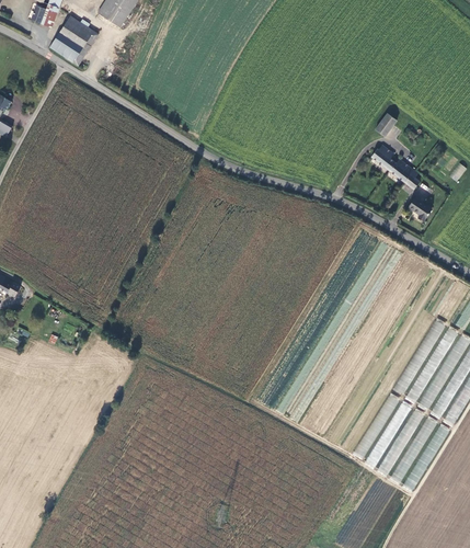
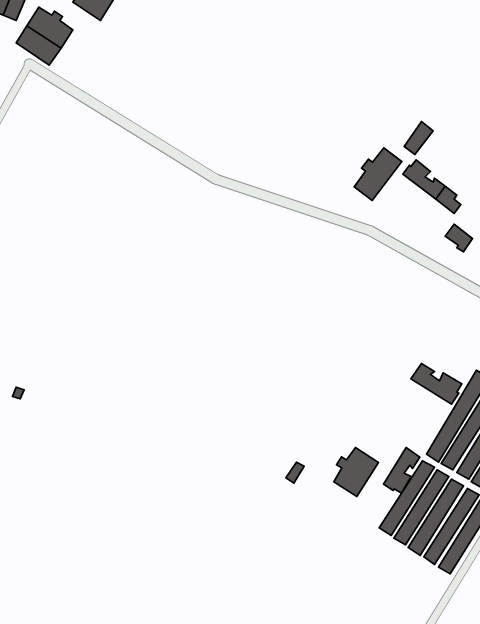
building: none -> [354,148,402,201]
building: none -> [411,363,462,404]
building: none -> [334,448,379,497]
building: none -> [383,448,420,493]

